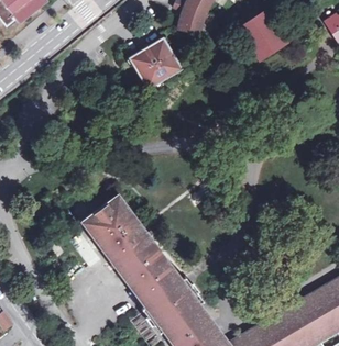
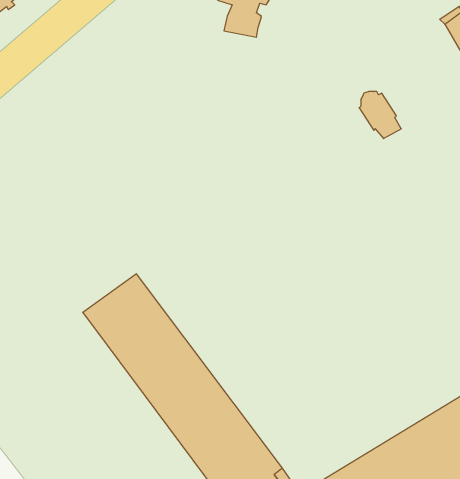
building: [248,20,276,52] -> [359,92,401,139]
building: [129,37,181,87] -> none

